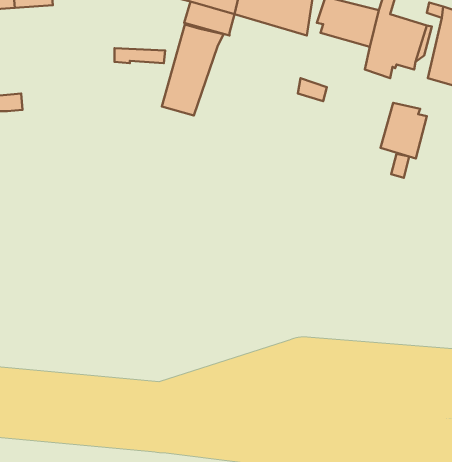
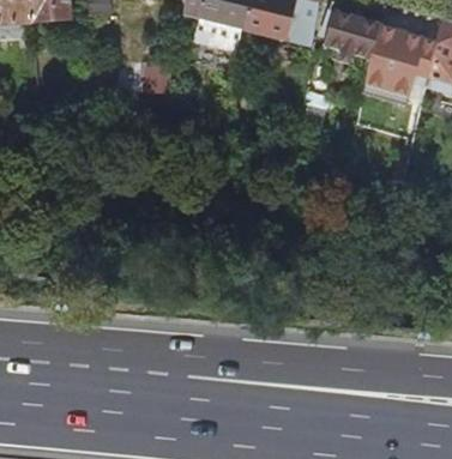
building: [162,25,223,116] -> none
building: [380,103,427,159] -> none

